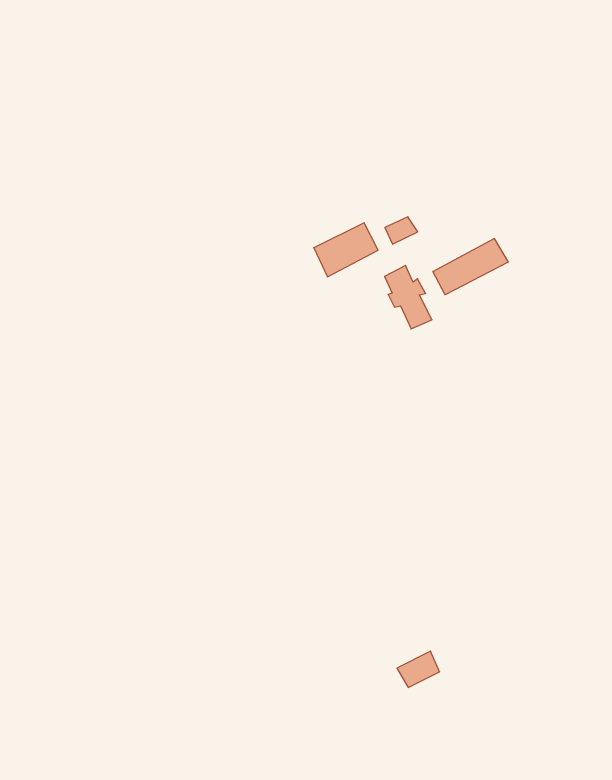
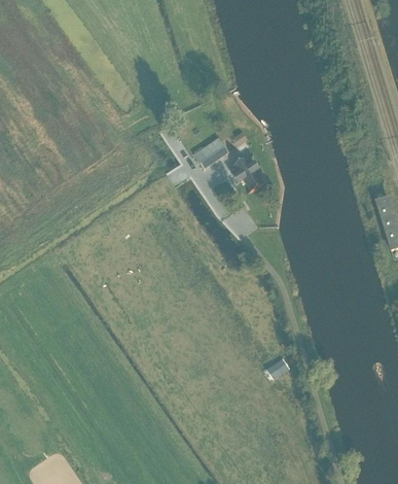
building: [433,238,508,295] -> none

